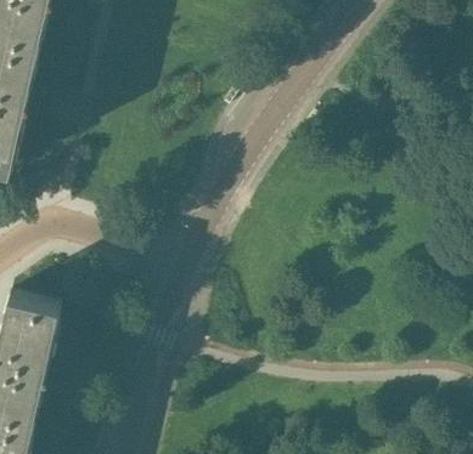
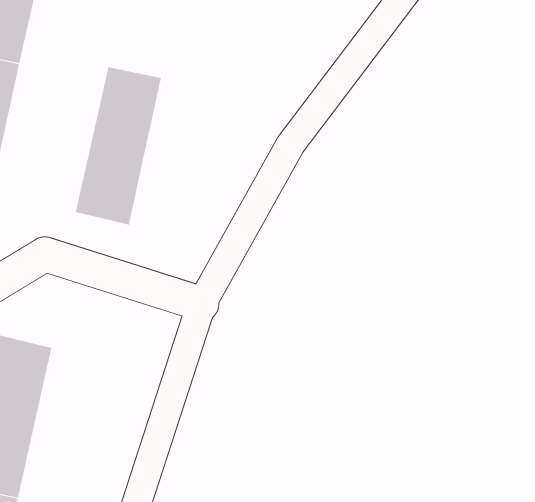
building: none -> [75,66,162,225]

